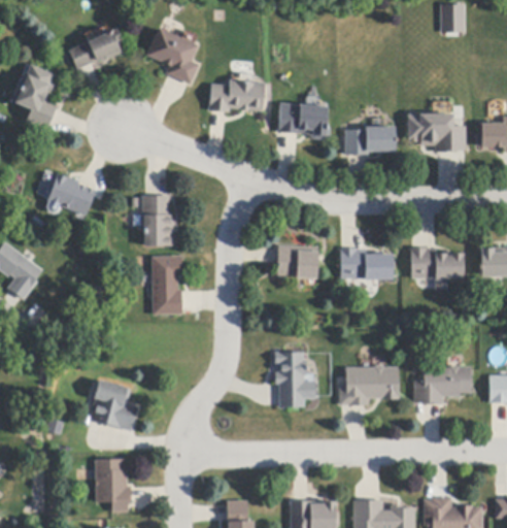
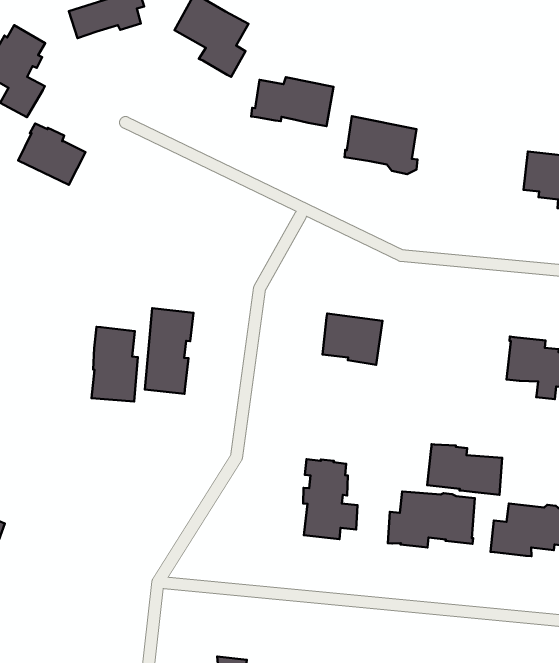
building: [345,127,396,155] -> none
building: [48,173,96,214] -> [18,124,85,185]
building: [143,195,176,246] -> [91,327,138,401]
building: [341,248,394,279] -> [427,444,502,495]
building: [91,380,138,430] -> none
building: [96,459,132,512] -> none

